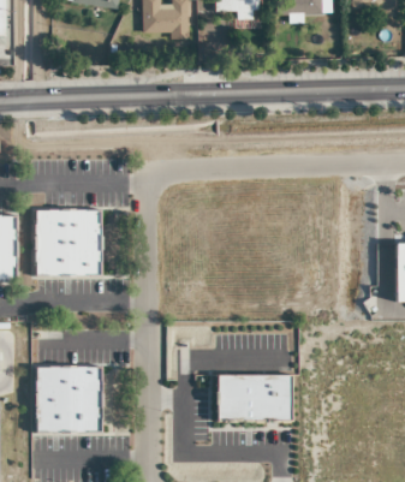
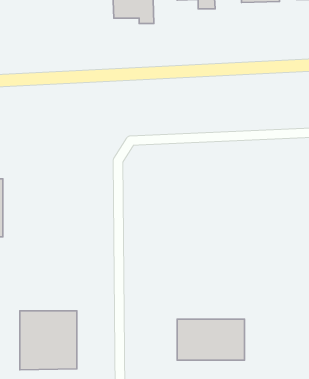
building: [36,209,103,275] -> none

